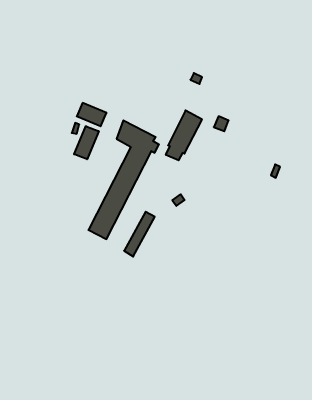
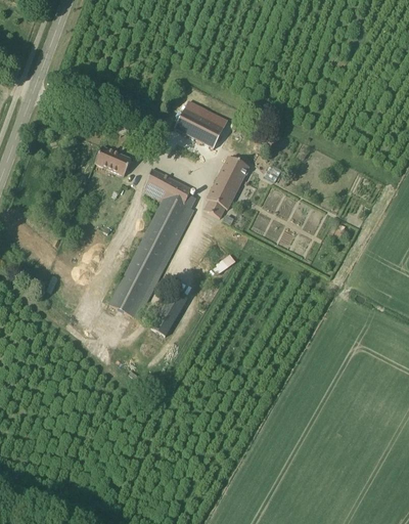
building: none -> [169,102,218,140]
building: [74,126,99,159] -> none

